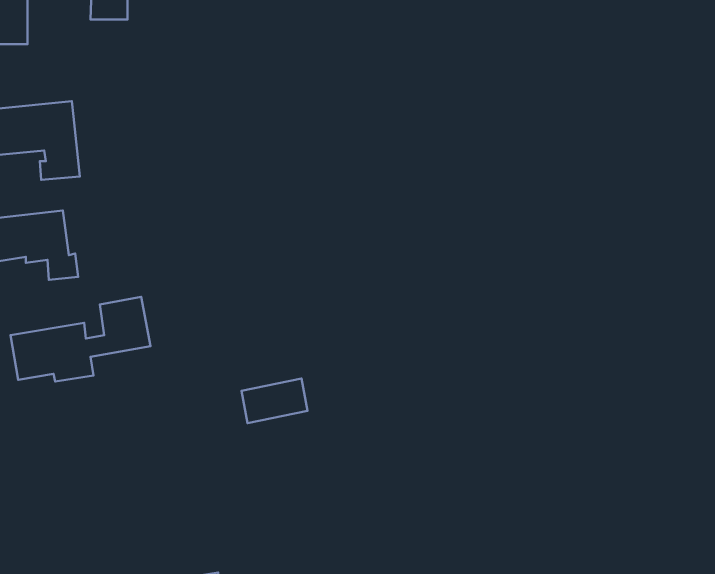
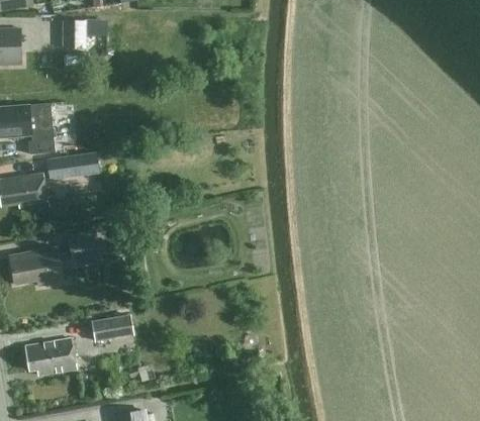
building: none -> [44,151,98,180]
building: [241,378,308,423] -> [89,312,132,341]
building: none -> [24,337,76,375]

